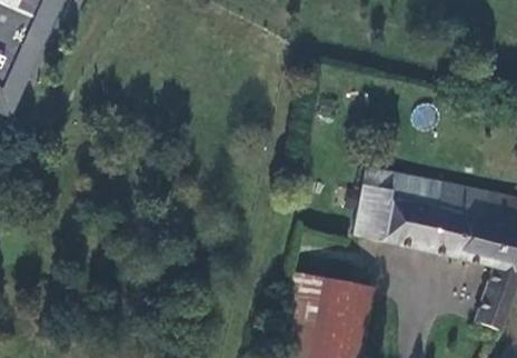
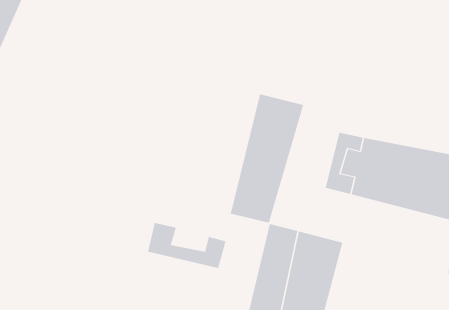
building: none -> [230,94,304,223]
building: none -> [147,222,226,269]

